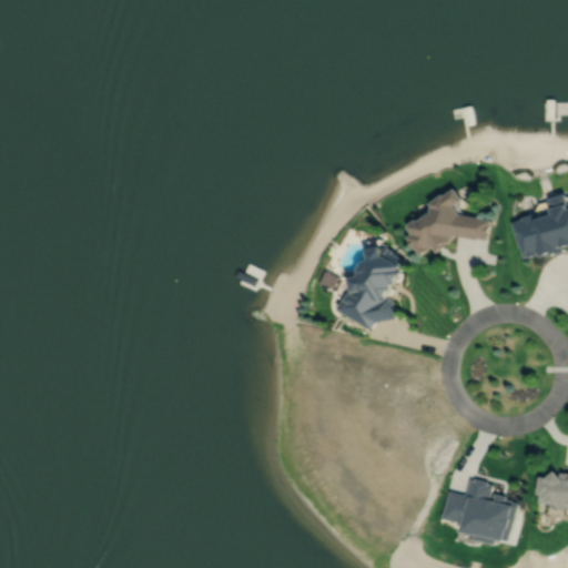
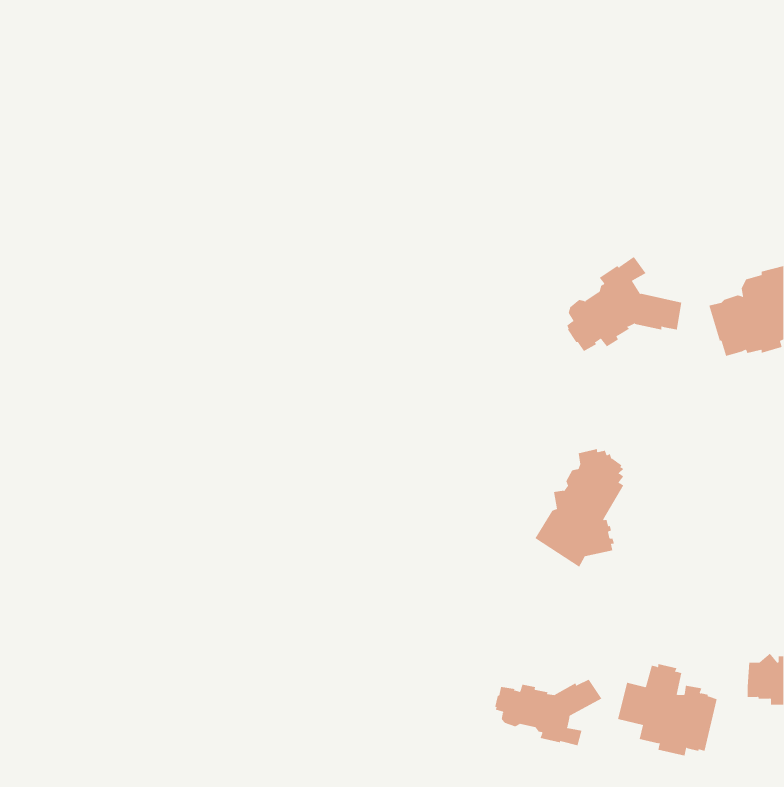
building: [338,244,403,329] -> [535,449,624,567]
building: none -> [495,679,602,746]

